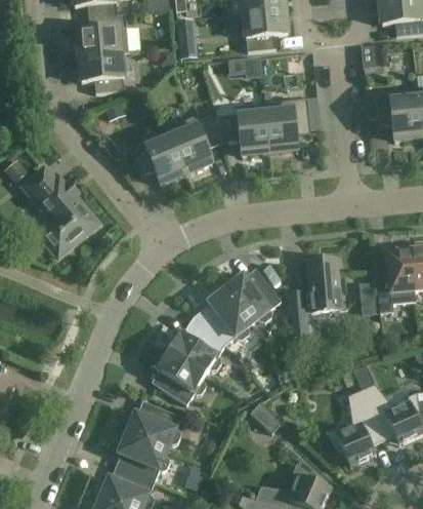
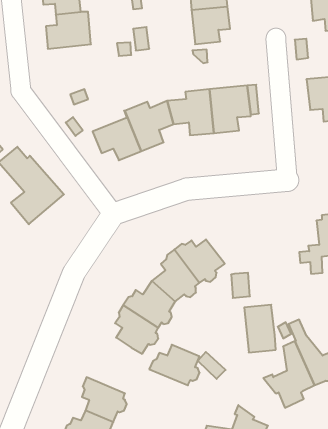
building: [79,51,128,93] -> none
building: [305,258,341,312] -> [244,305,276,352]
building: [123,403,180,449] -> [149,345,200,385]

